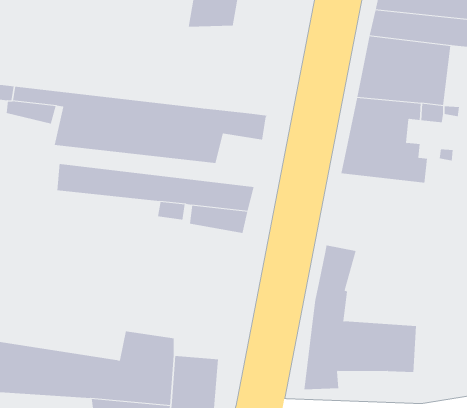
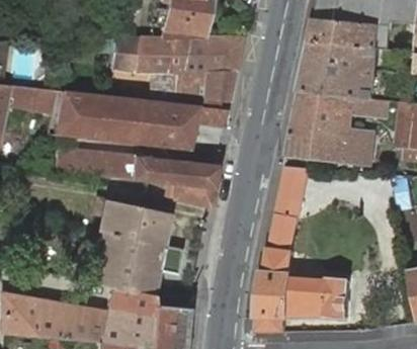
building: none -> [108,33,243,105]
building: none -> [275,166,310,219]
building: none -> [86,196,180,290]

